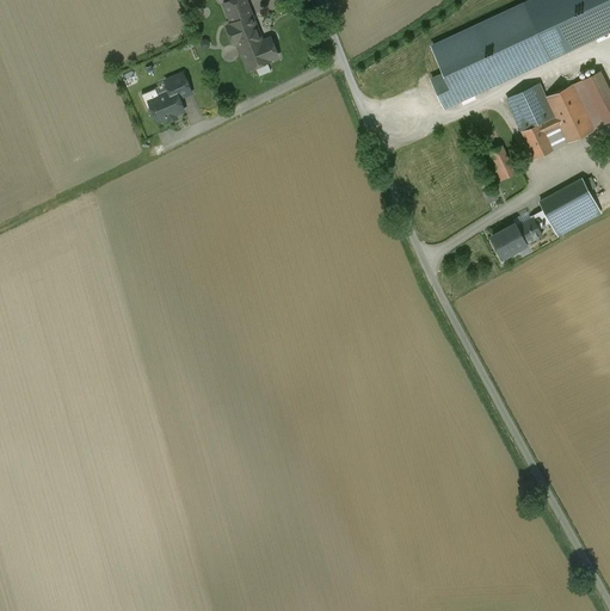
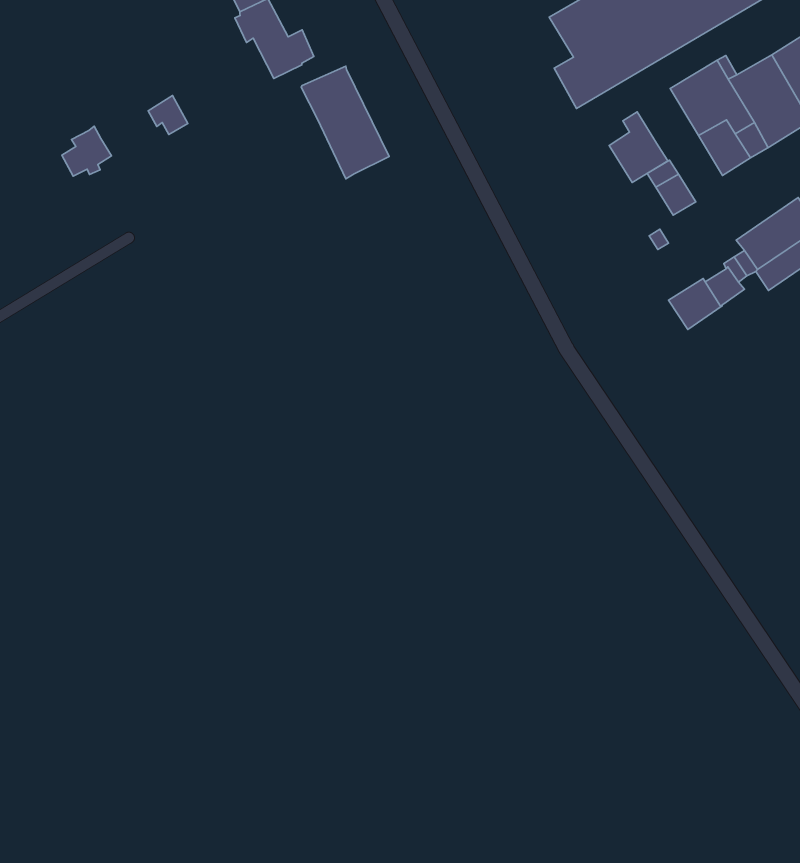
building: none -> [301,66,389,179]
building: [152,90,184,121] -> [62,126,112,176]
building: none -> [609,112,668,183]

